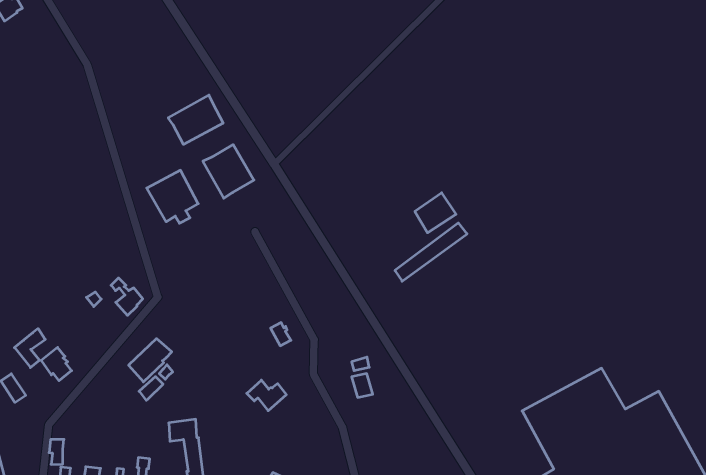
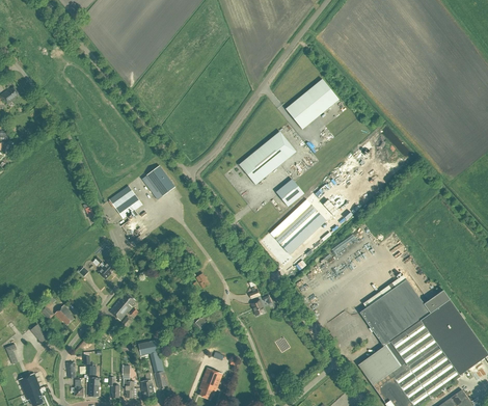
building: none -> [286,78,338,129]
building: [168,95,223,144] -> none
building: none -> [239,134,292,185]
building: none -> [279,209,326,254]

